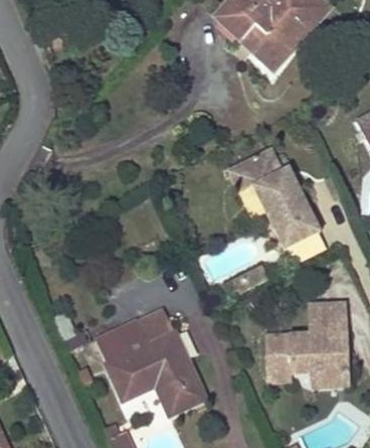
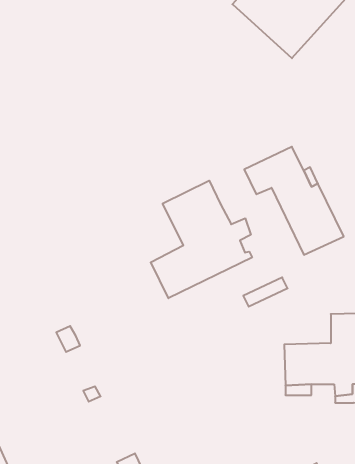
building: none -> [151,181,252,298]
building: [97,309,204,415] -> none

